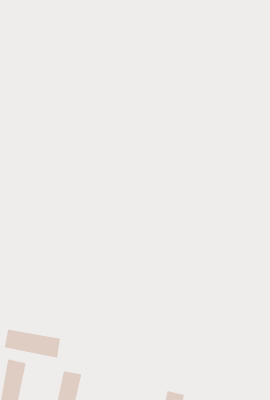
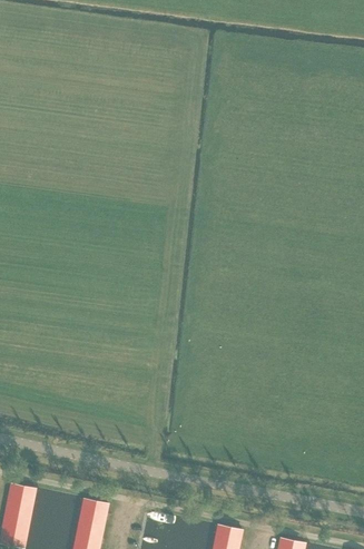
building: [4,329,60,358] -> none

